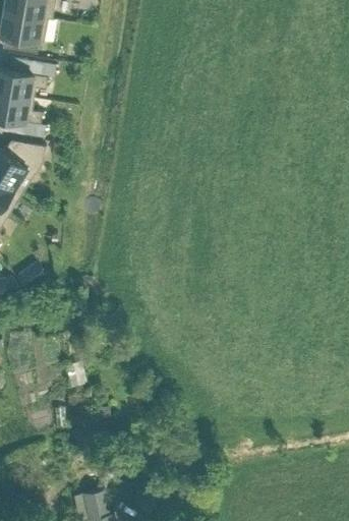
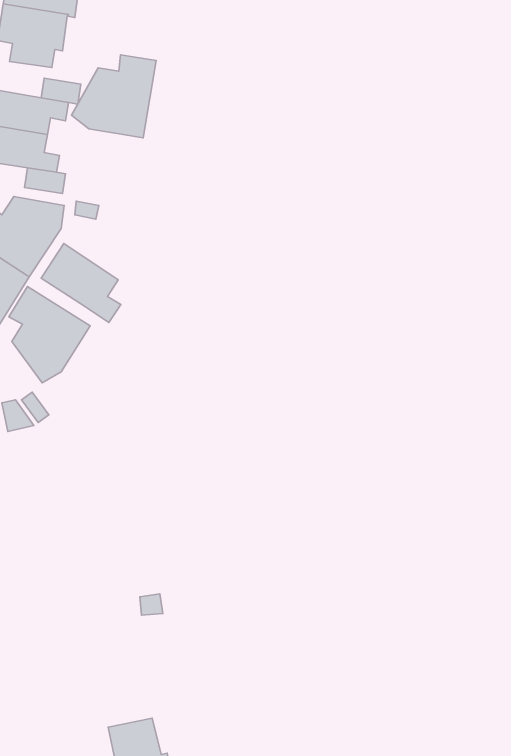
building: none -> [71,55,156,138]
building: none -> [41,244,121,322]
building: none -> [9,286,90,383]

